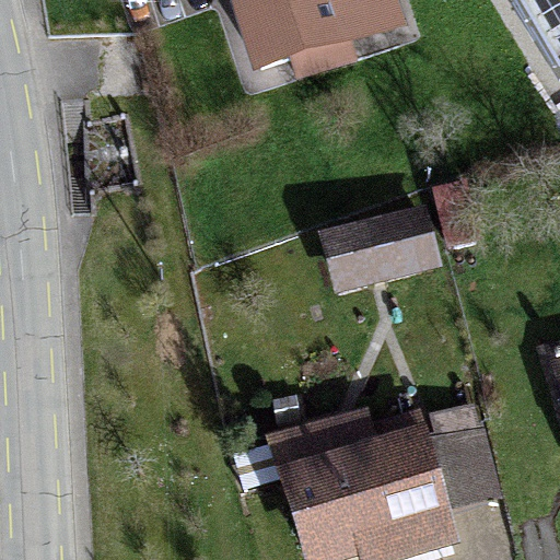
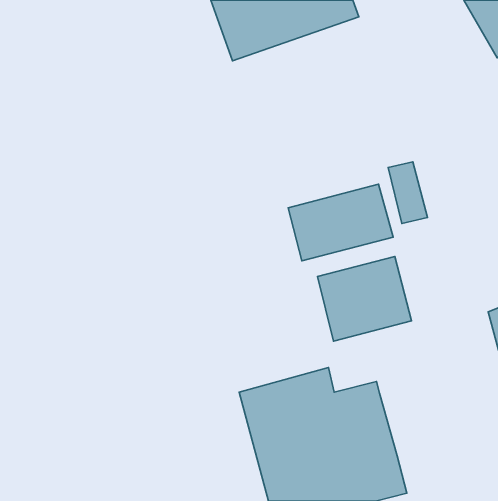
building: none -> [318,257,411,341]
building: [427,401,504,509] -> none

